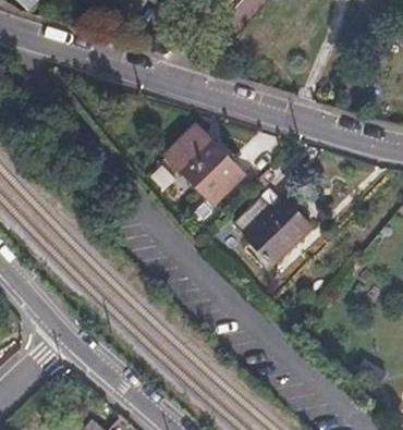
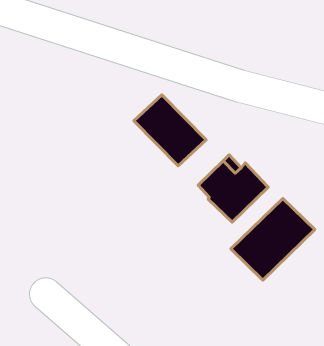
building: none -> [231,198,315,280]

